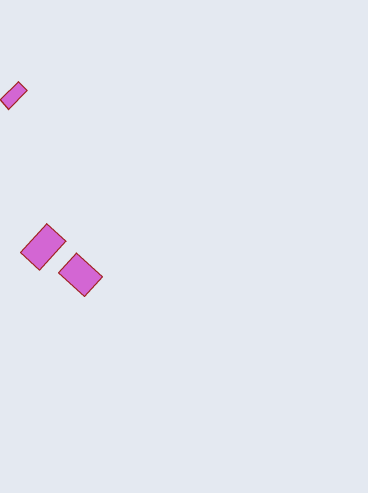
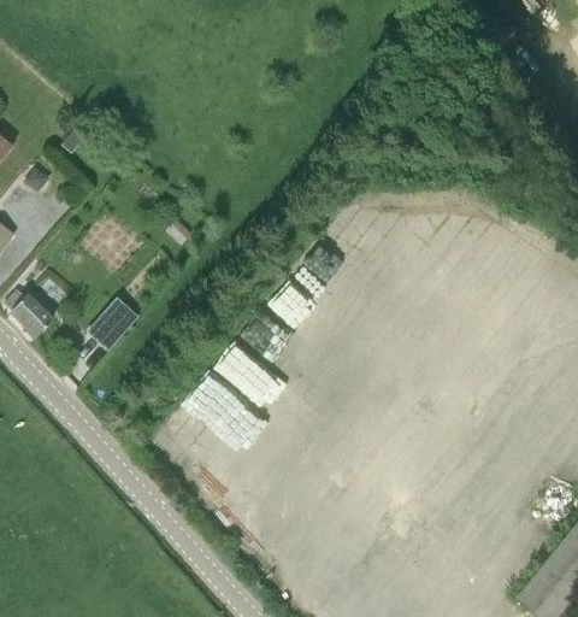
building: [59,253,102,296] -> none

